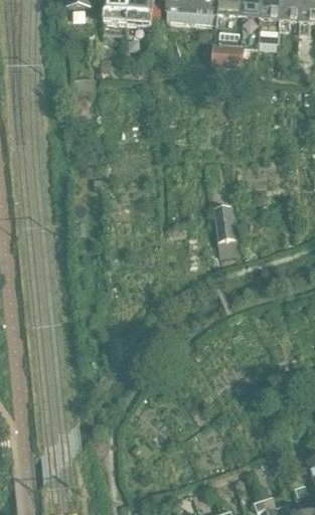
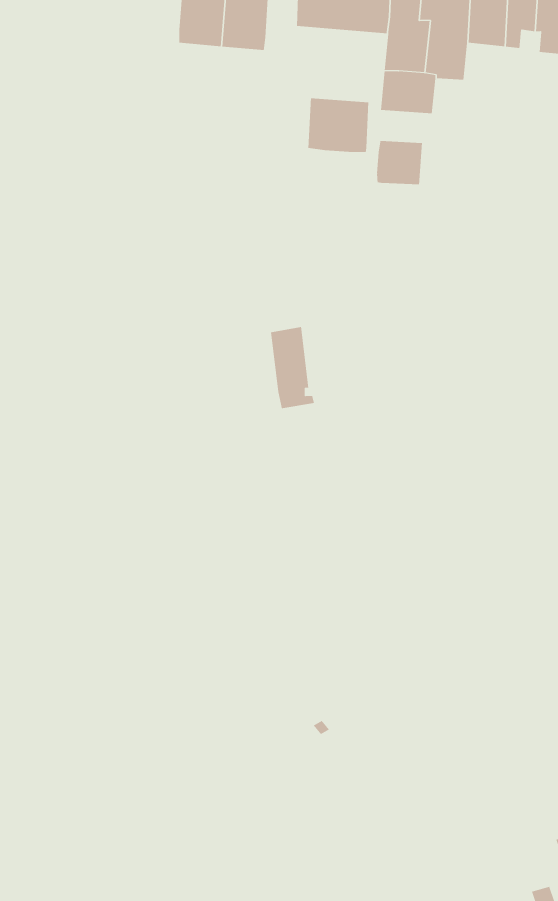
building: none -> [308,98,369,153]
building: none -> [377,140,423,185]
building: [212,201,237,245] -> [270,327,315,409]

